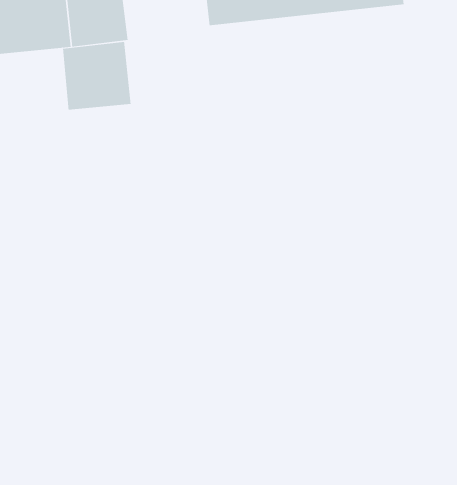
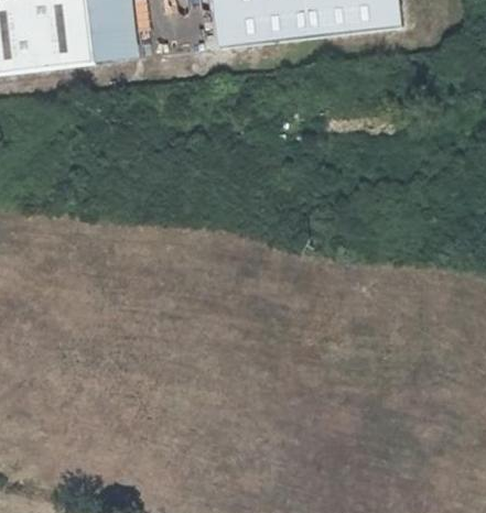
building: [63,41,131,111] -> none

